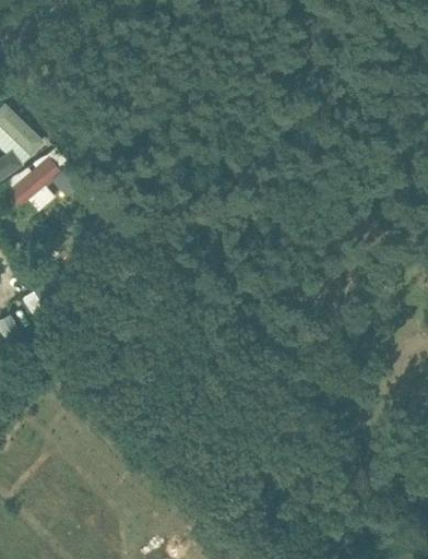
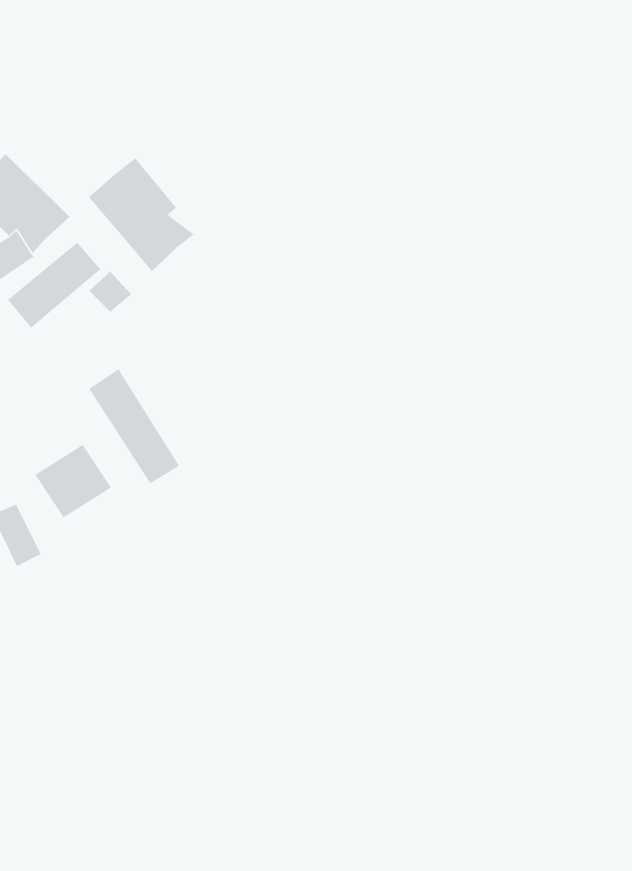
building: none -> [88,158,195,272]
building: none -> [89,368,180,484]

